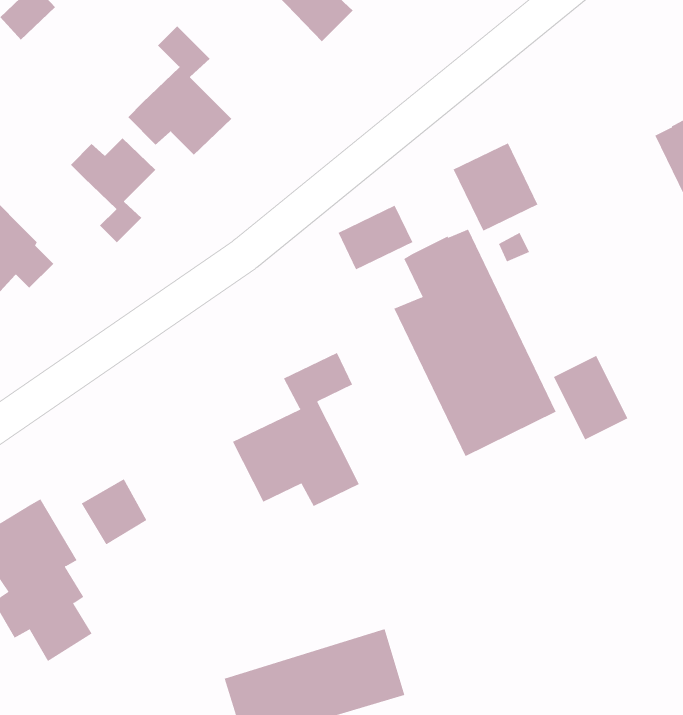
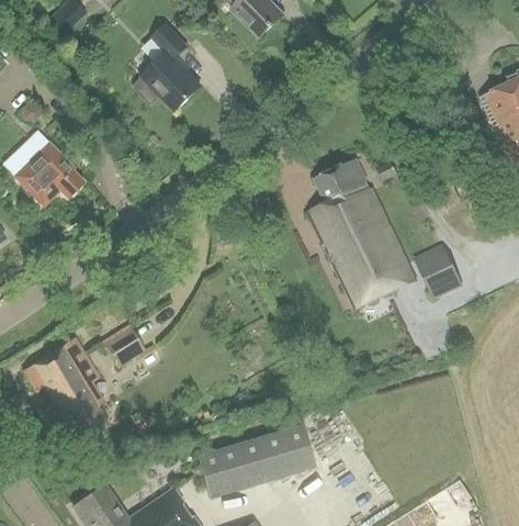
building: [70,137,156,243] -> none
building: [453,142,538,232] -> none
building: [338,205,413,270] -> none
building: [232,352,359,507] -> none

